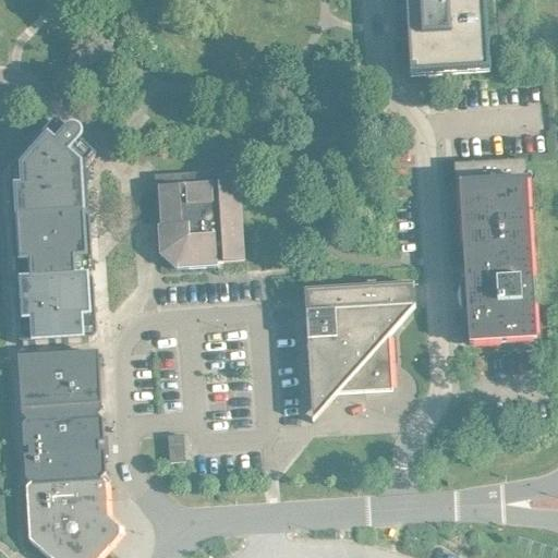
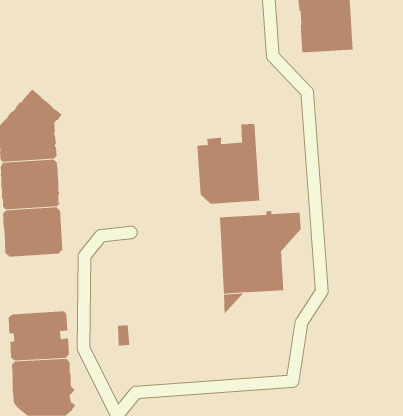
building: [157,157,242,265] -> [196,123,260,204]
building: [452,158,535,345] -> none
building: [17,353,100,420] -> none

